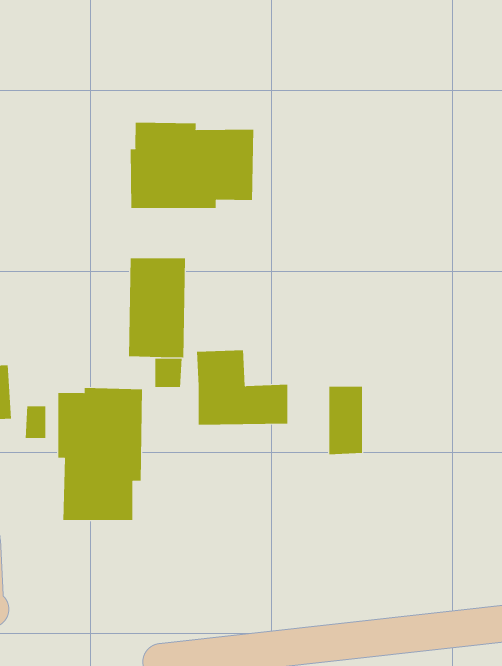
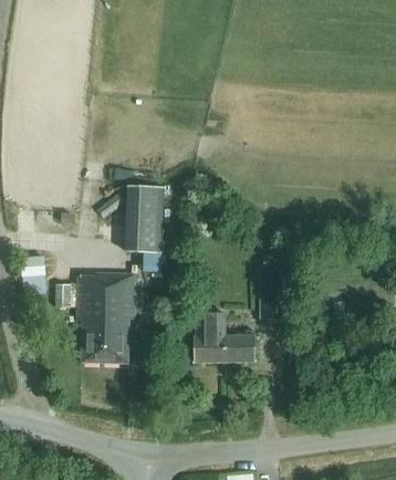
building: [130,122,254,209] -> none
building: [196,350,288,425] -> [192,312,254,363]

